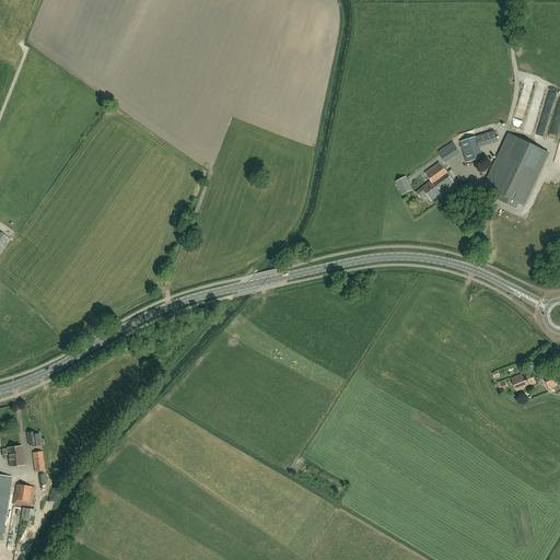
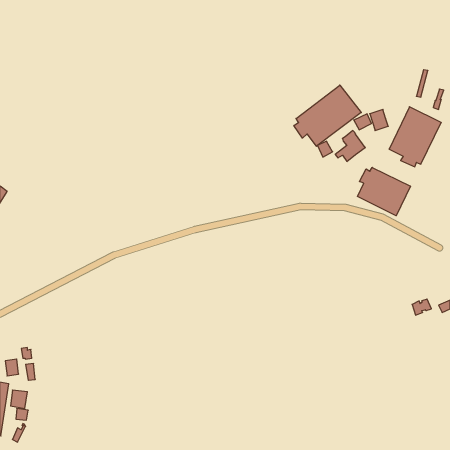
building: none -> [294,85,361,146]
building: none -> [358,167,410,216]

